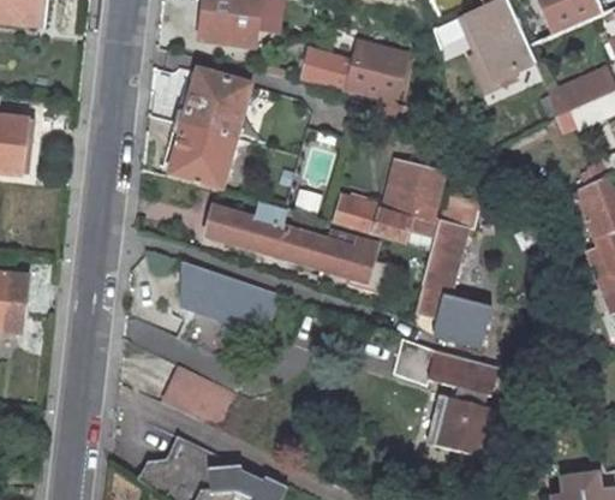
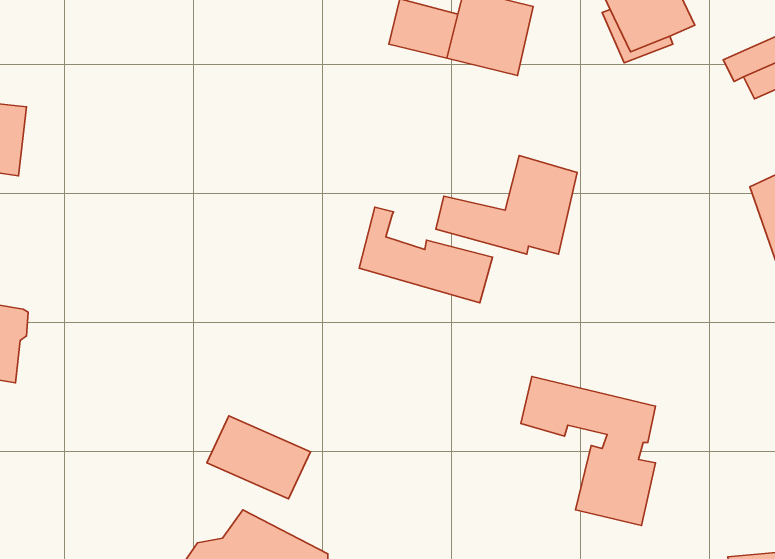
building: [173,67,252,187] -> none
building: [419,194,489,345] -> none
building: [207,202,288,252] -> none
building: [179,261,281,331] -> none

